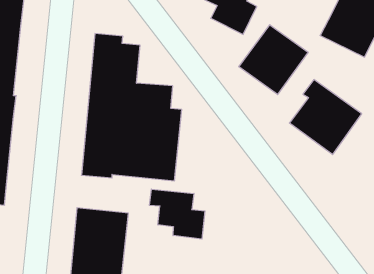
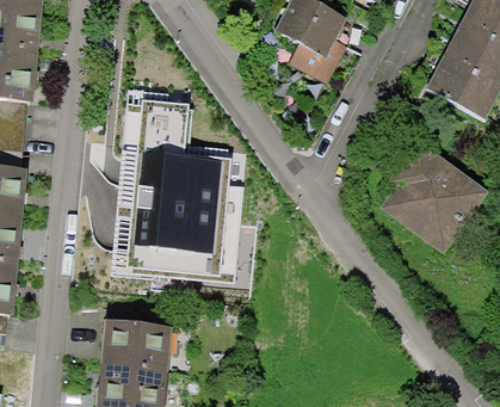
building: [239,25,308,95] -> none
building: [149,189,205,239] -> none

